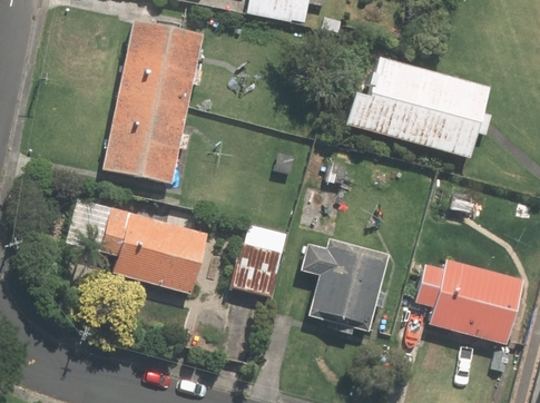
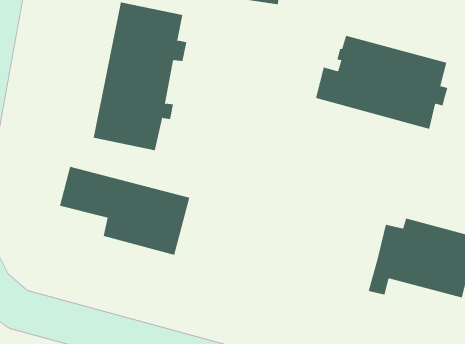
building: [228,223,287,297] -> none
building: [301,236,387,323] -> none

